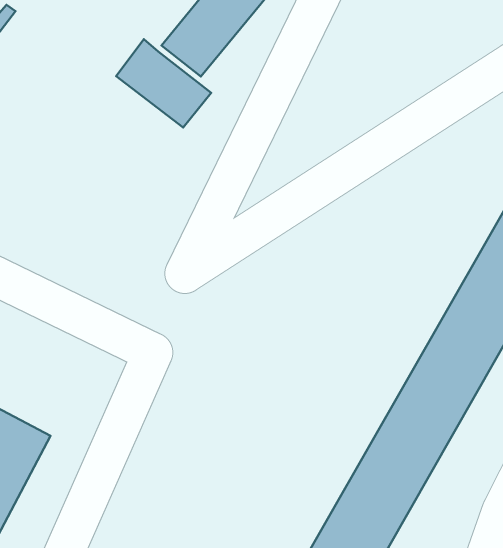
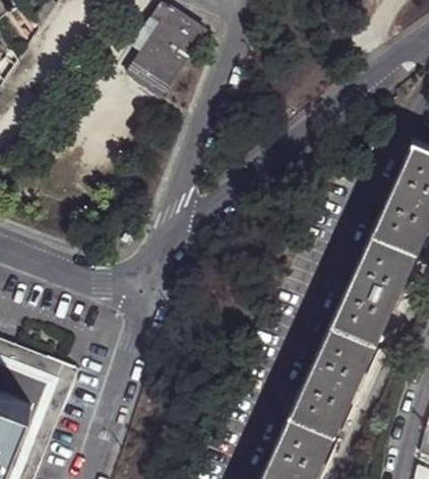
building: [116,39,211,128] -> none

